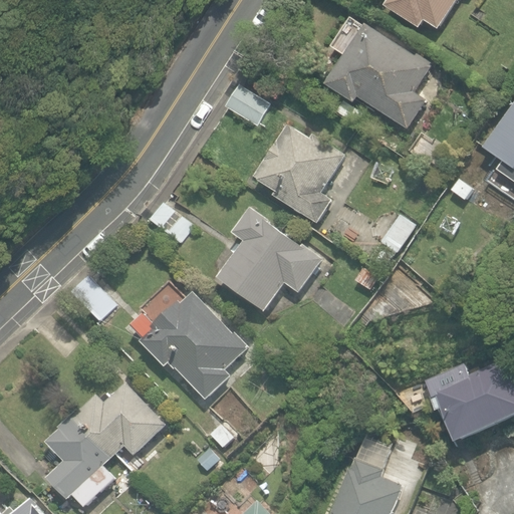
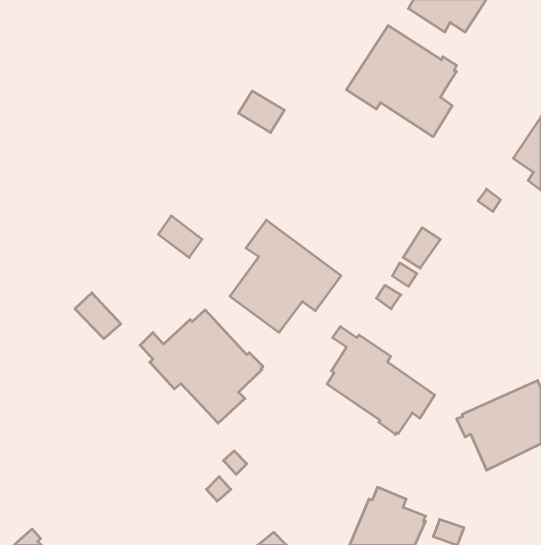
building: [254,124,344,223] -> none
building: none -> [327,326,435,435]
building: [45,382,164,506] -> none

